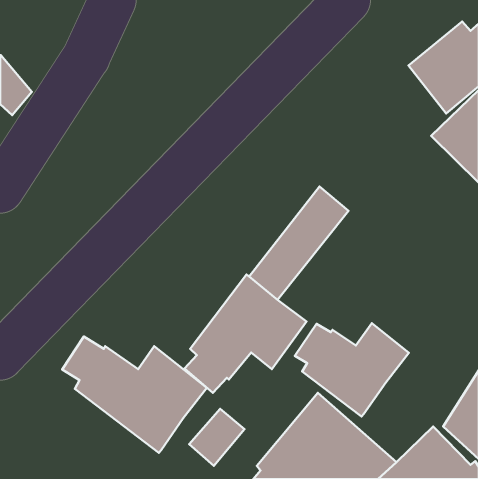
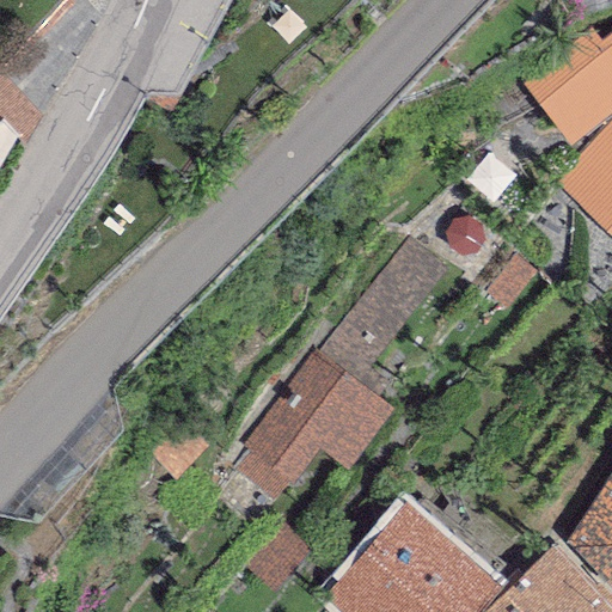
building: [295,323,409,416] -> none
building: [62,336,207,453] -> none

